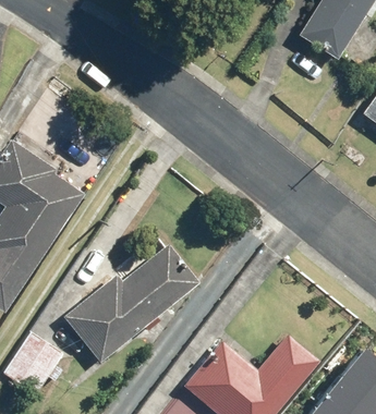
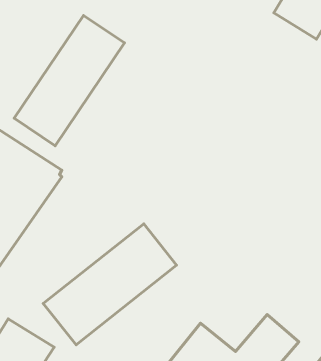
building: none -> [14,15,125,146]

